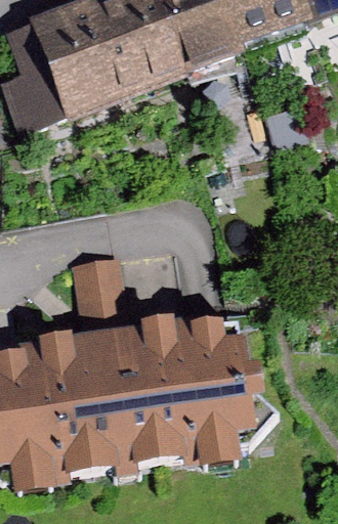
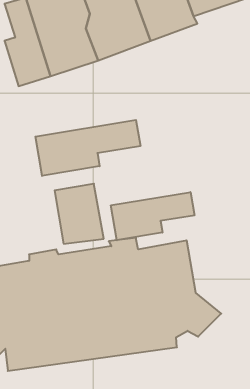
building: none -> [35,120,140,176]
building: none -> [111,192,194,240]

